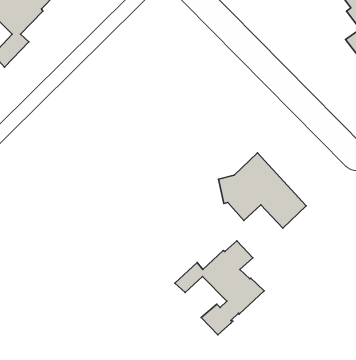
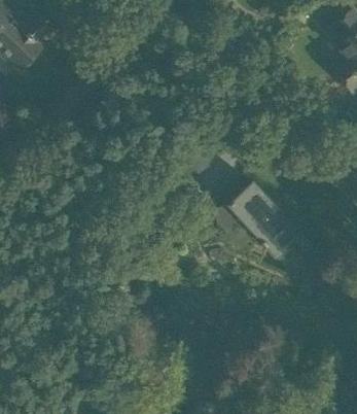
building: [175,241,264,335] -> none

